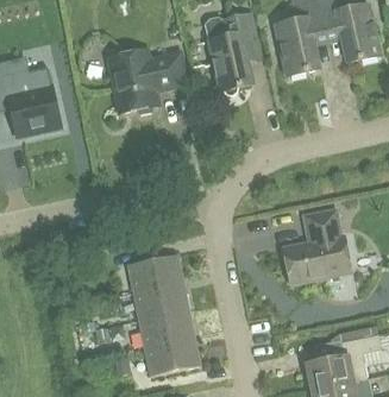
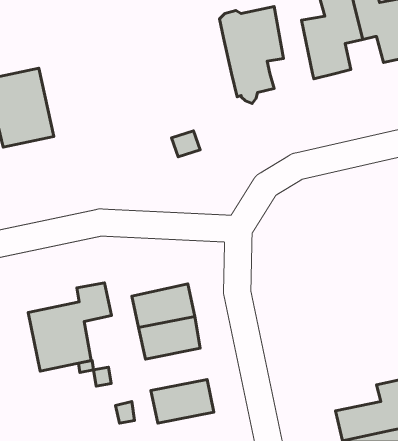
building: [108,50,186,114] -> none
building: [283,209,352,284] -> none
building: none -> [28,283,111,371]
building: [140,310,194,347] -> none

